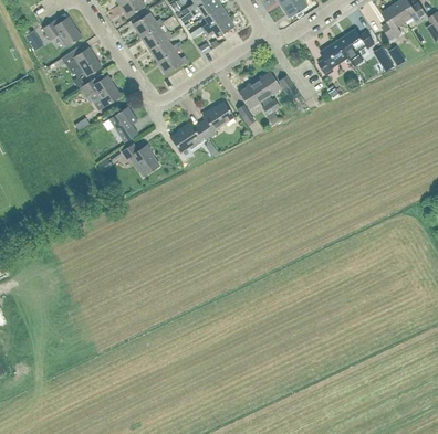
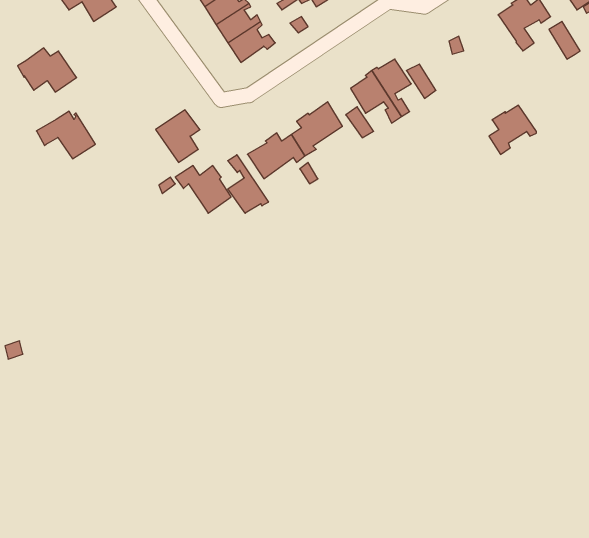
building: [320,42,352,75] -> [489,105,536,154]
building: [61,45,101,75] -> [18,48,77,92]
building: [81,73,121,105] -> [36,111,95,159]
building: none -> [228,155,268,213]

